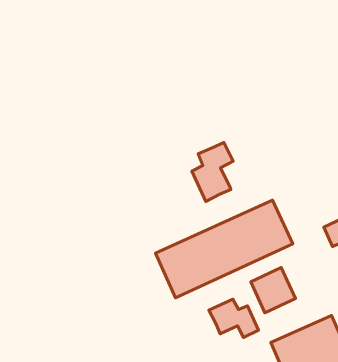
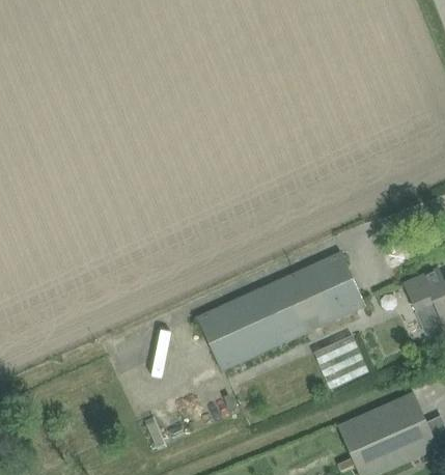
building: [192,143,233,201] -> none
building: [209,299,259,338] -> none

